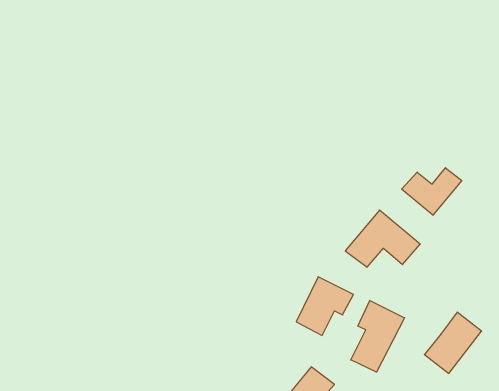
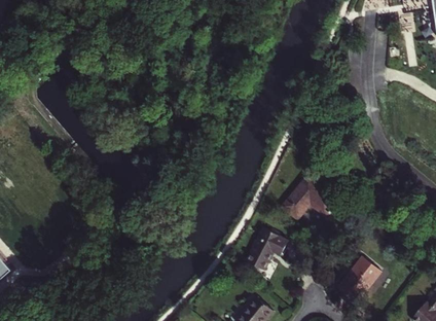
building: [402,168,462,215] -> none
building: [351,300,405,372] -> none

